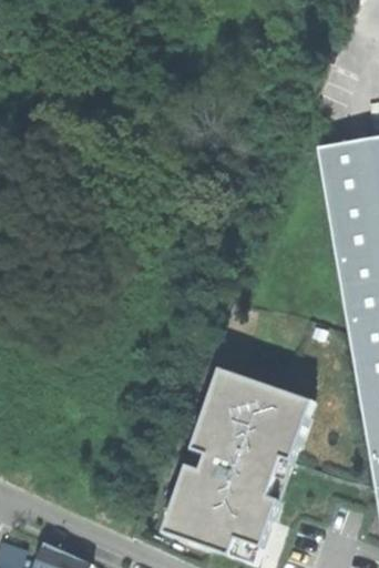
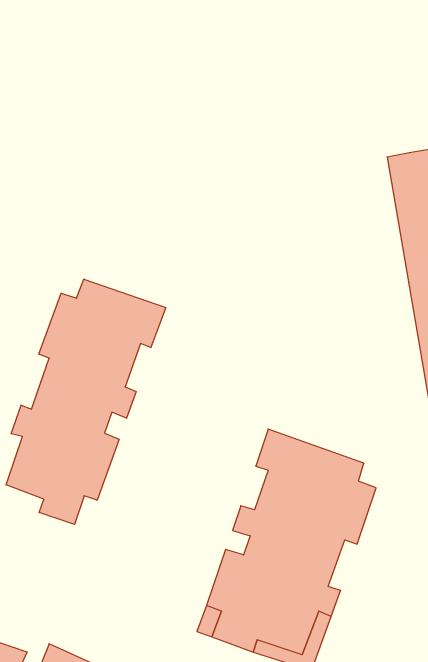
building: none -> [6,279,166,524]

